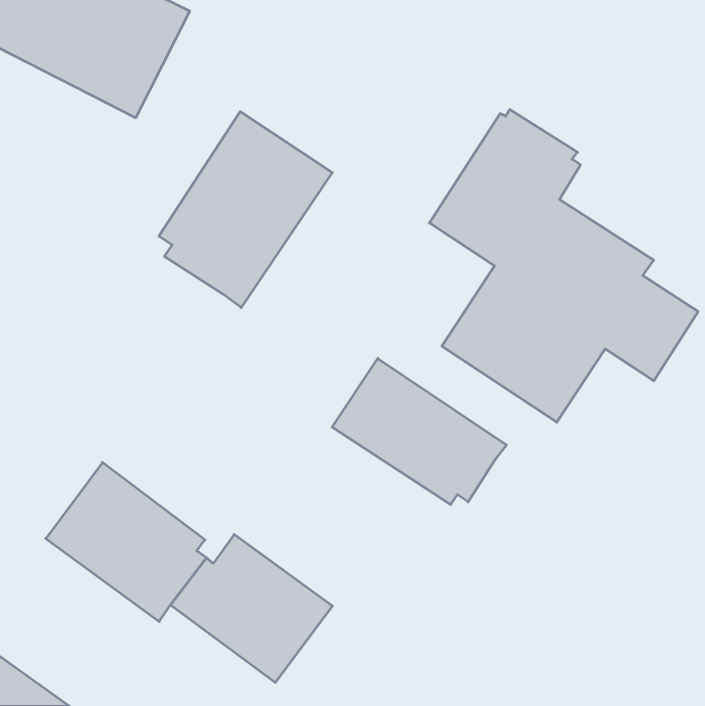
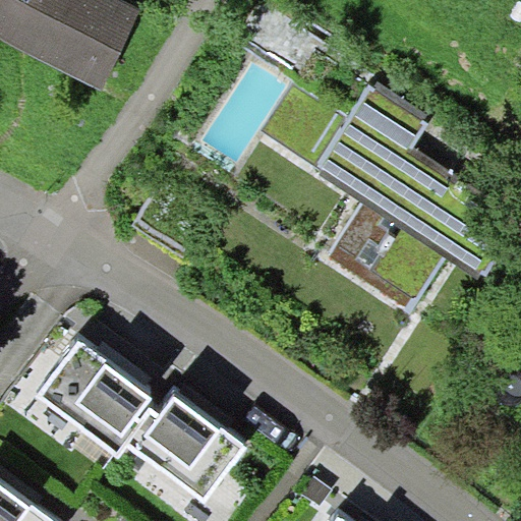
building: [159,112,332,308] -> none
building: [332,358,506,505] -> none

